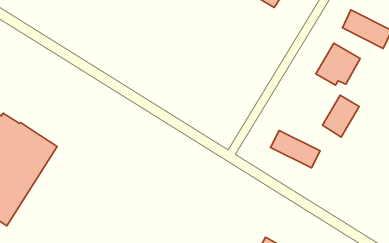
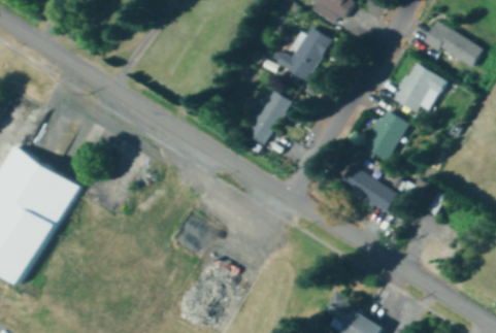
building: none -> [274,26,333,84]
building: none -> [246,93,290,146]
building: [322,95,359,137] -> [364,110,408,161]

